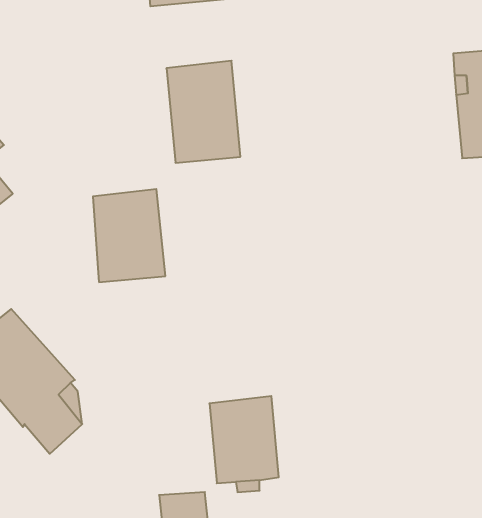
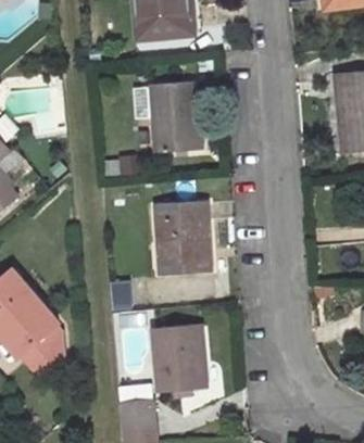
building: [93,189,165,282] -> [159,207,212,276]

